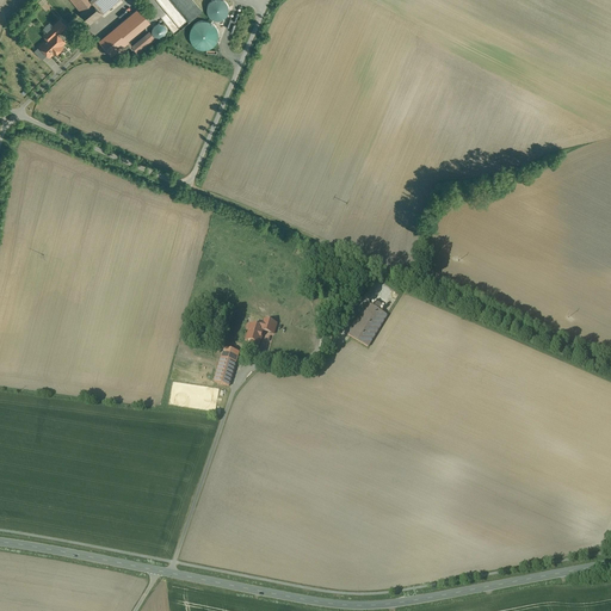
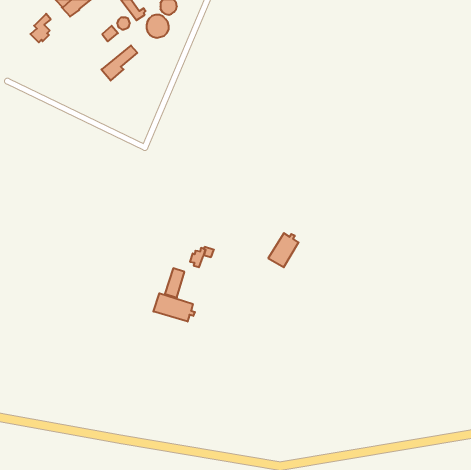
building: [100,8,147,54] -> [101,45,137,81]
building: none -> [153,293,195,322]

